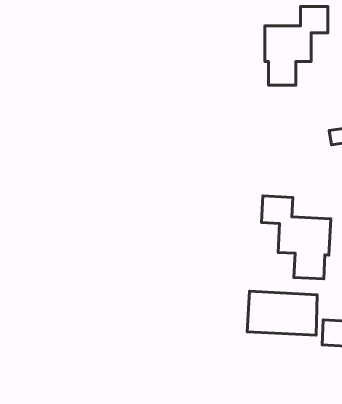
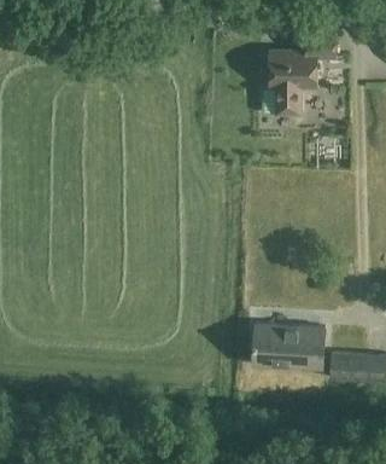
building: [261,196,331,279] -> none

